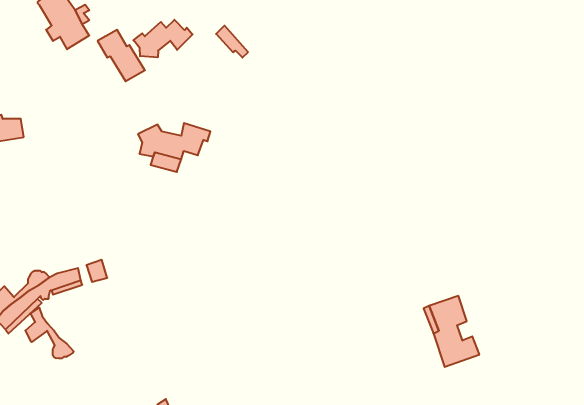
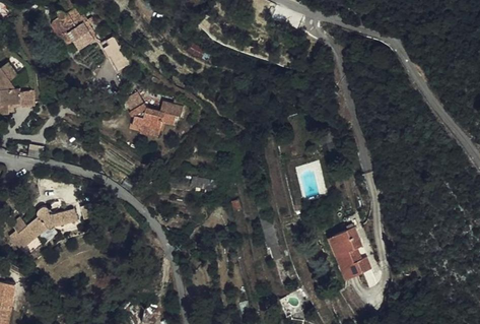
building: [133,20,193,57] -> none
building: [25,307,74,358] -> none

